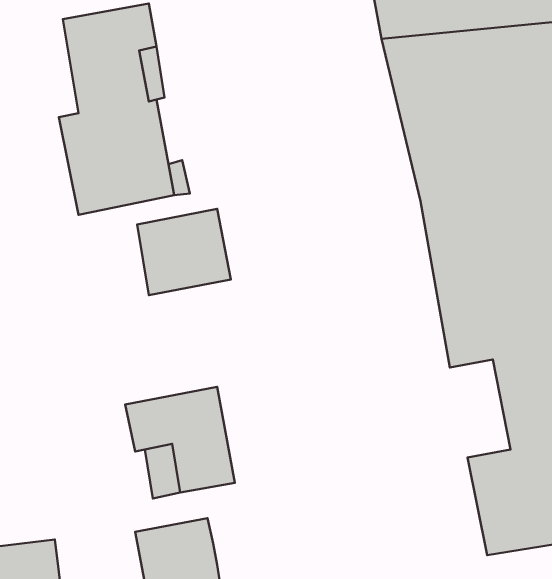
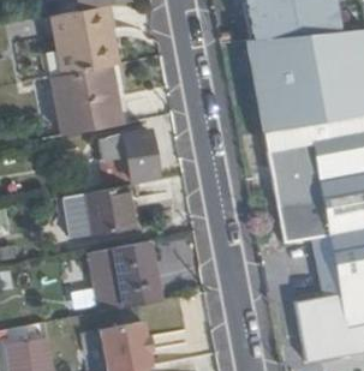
building: none -> [84,192,131,243]

